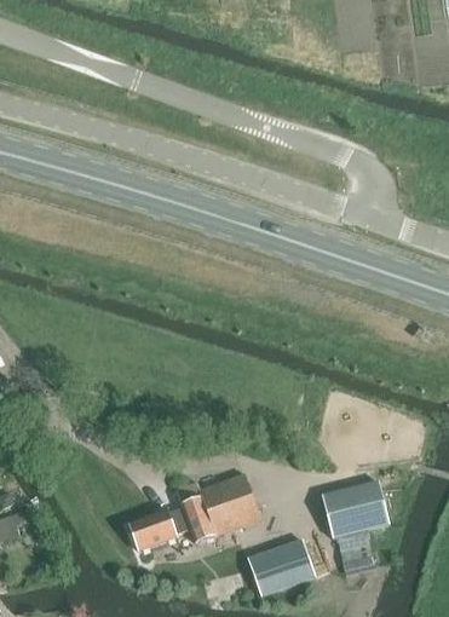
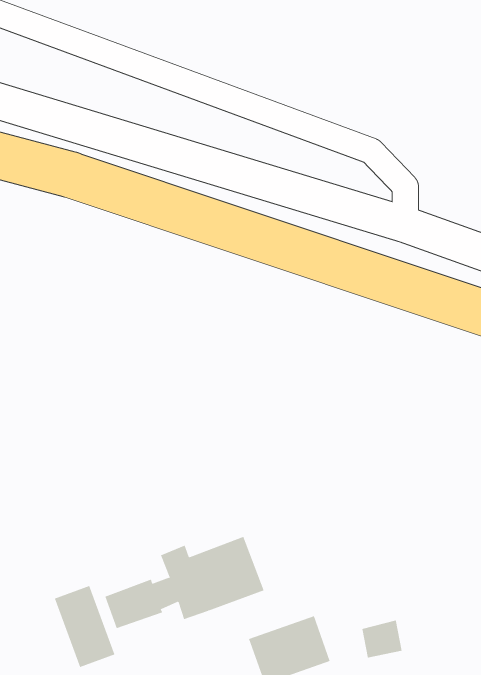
building: [321,479,387,536] -> none
building: none -> [54,585,115,668]

